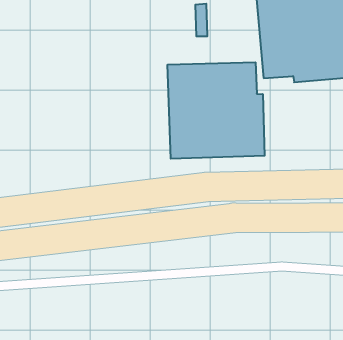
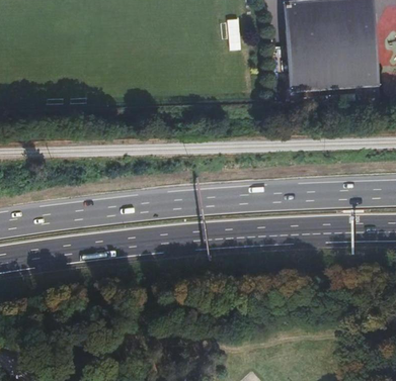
building: [168,62,265,159] -> none

